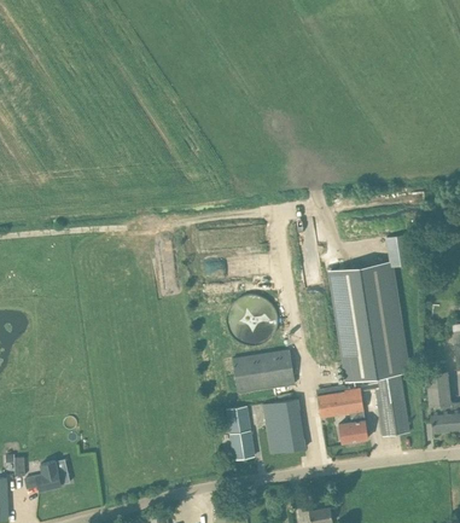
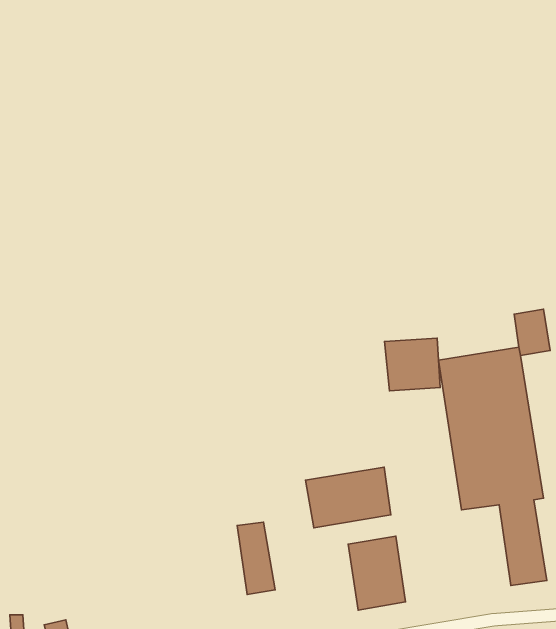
building: [228,297,269,336] -> [384,338,440,391]
building: [316,390,368,442] -> none
building: [227,407,255,460] -> [237,522,275,595]

